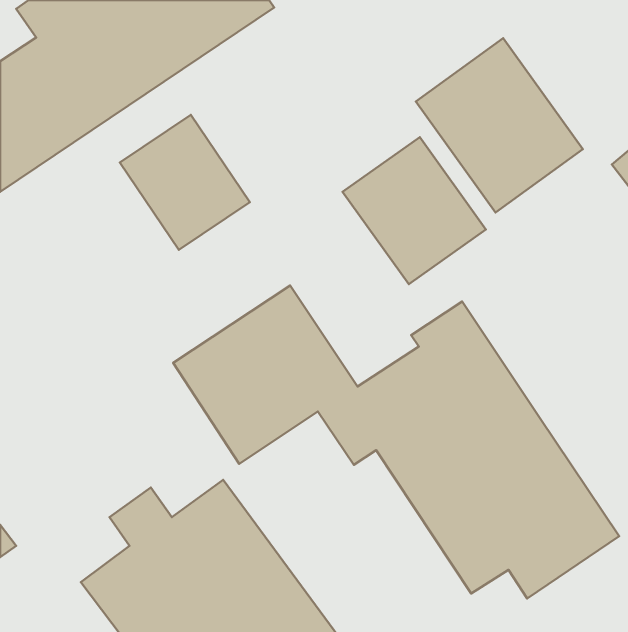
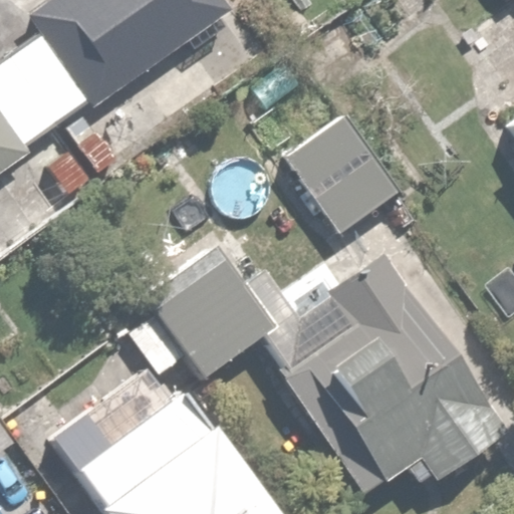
building: [416,38,583,212] -> none
building: [120,115,250,250] -> none

